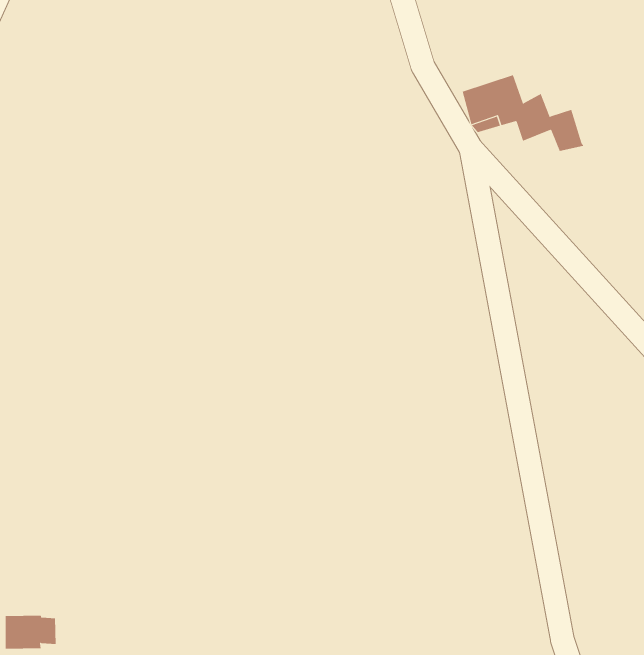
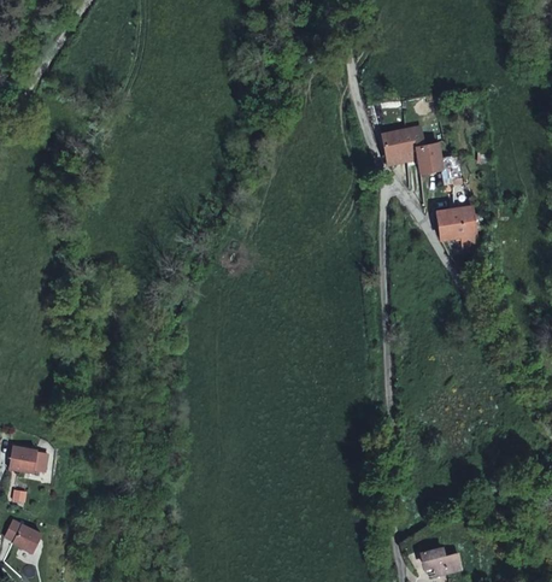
building: none -> [438,207,477,247]

